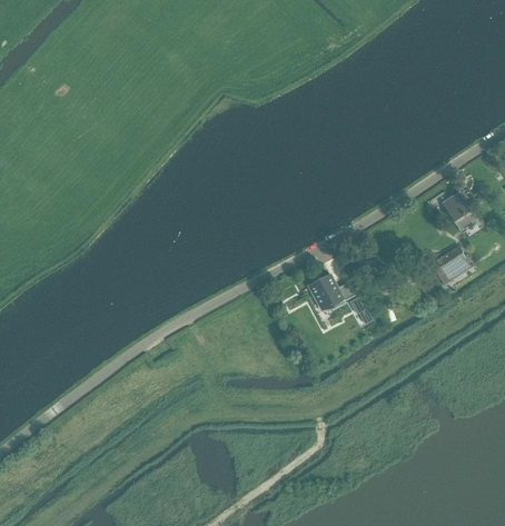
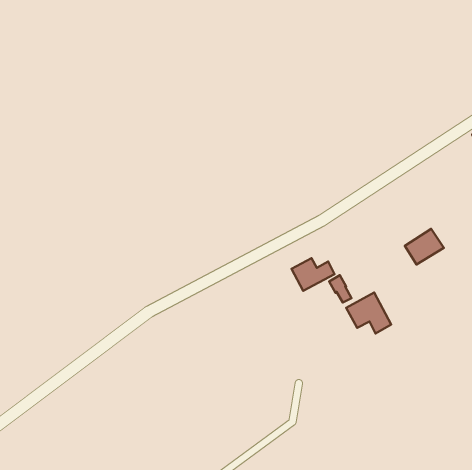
building: [442,191,476,230] -> none
building: none -> [346,293,391,333]

